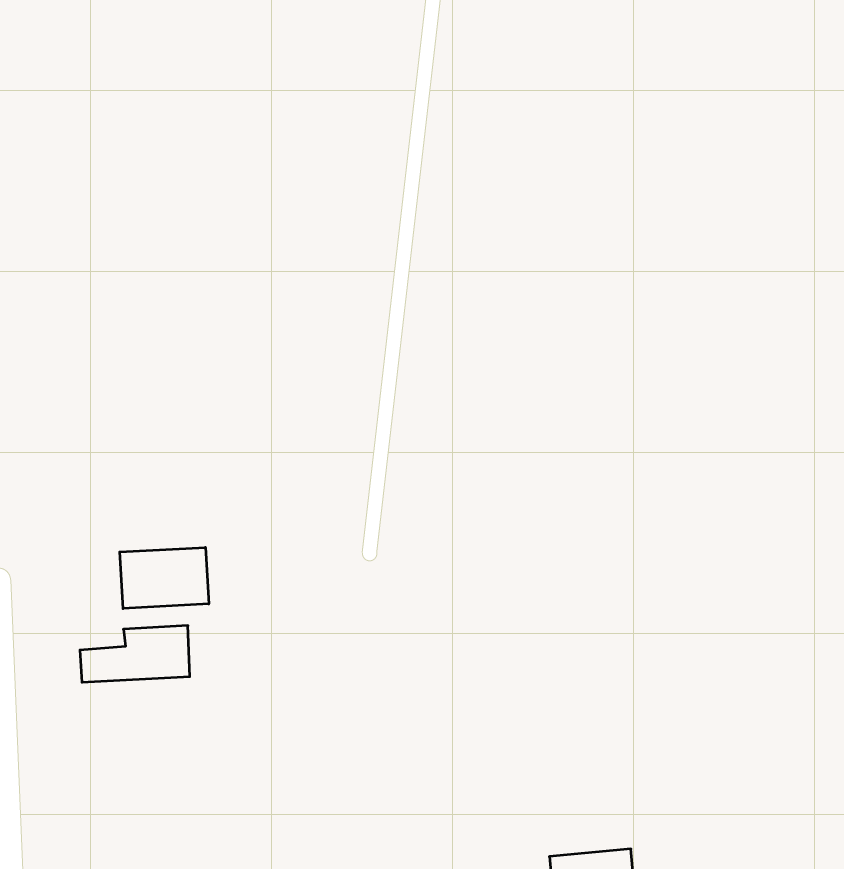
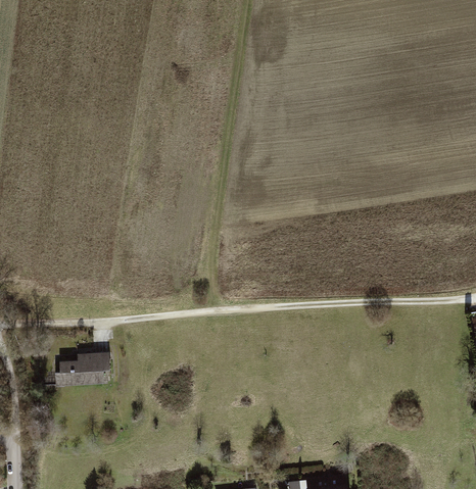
building: [120,547,209,609] -> none

